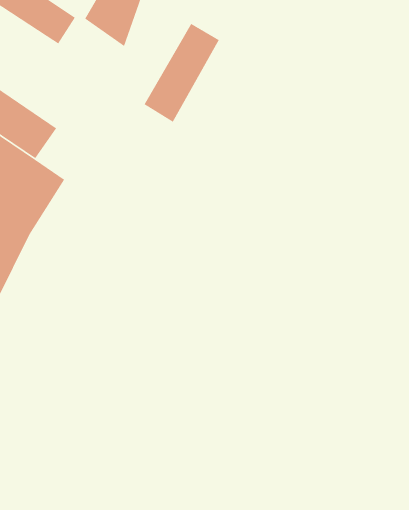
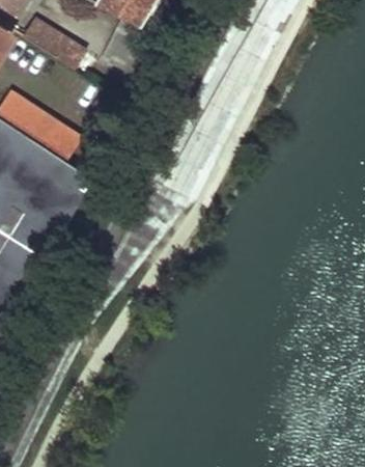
building: [143,23,220,123] -> none

